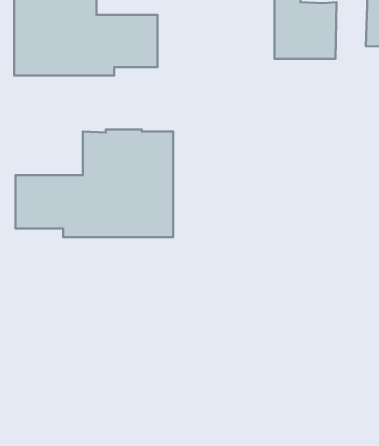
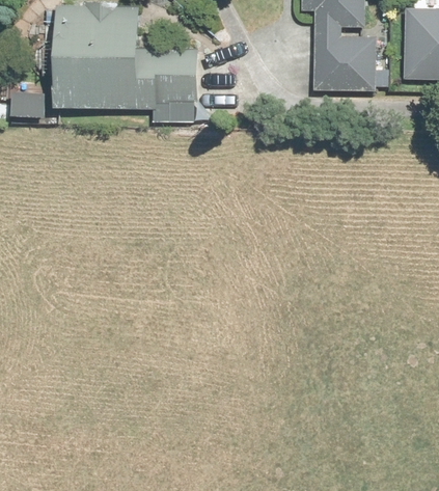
building: [16,129,173,237] -> none

